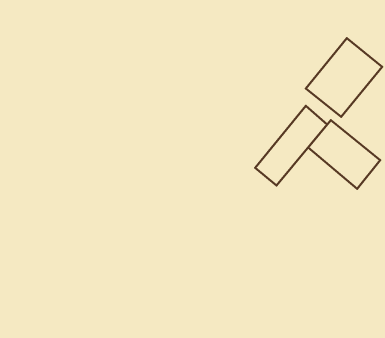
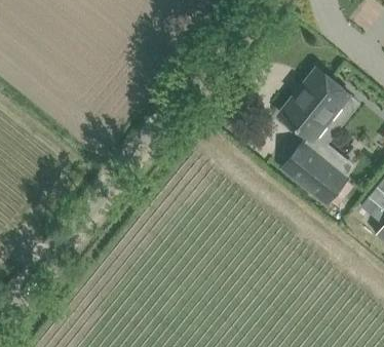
building: [255,106,327,185] -> none

